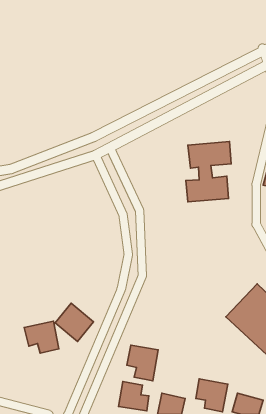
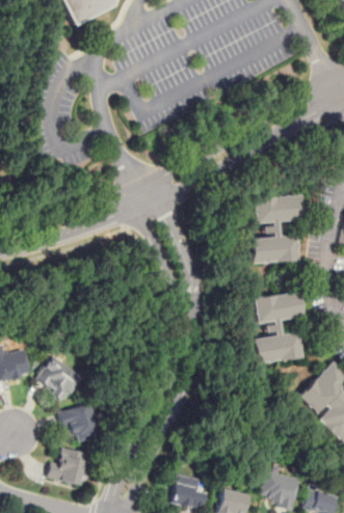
building: none -> [250,290,303,363]
building: [55,303,94,341] -> [36,355,81,400]
building: [127,345,158,381] -> none
building: none -> [49,448,92,485]

